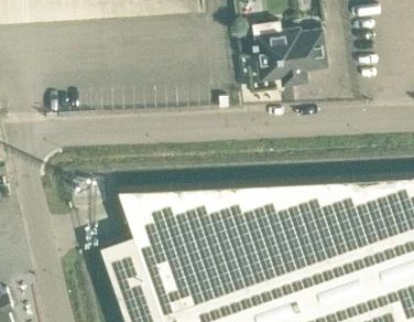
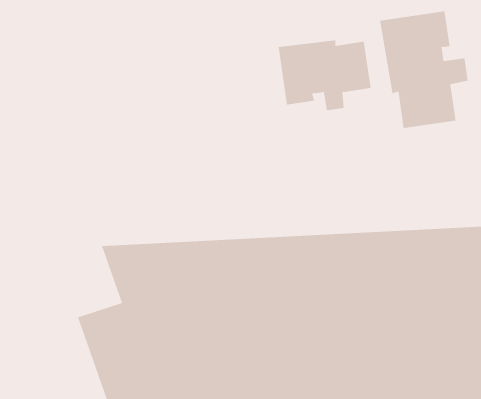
building: none -> [380,11,468,129]

